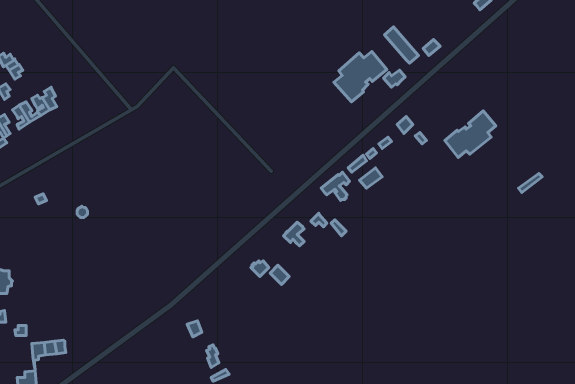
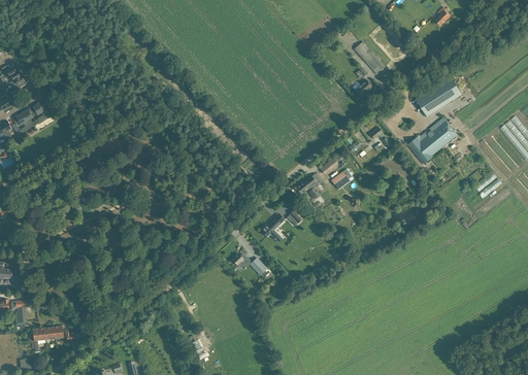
building: [334,51,387,102] -> none
building: none -> [416,77,461,116]

